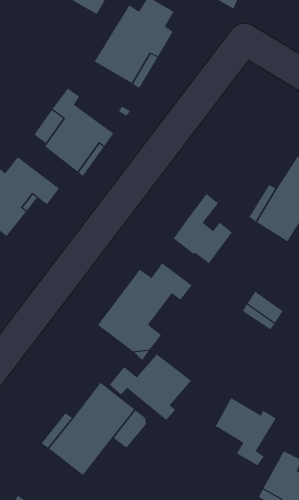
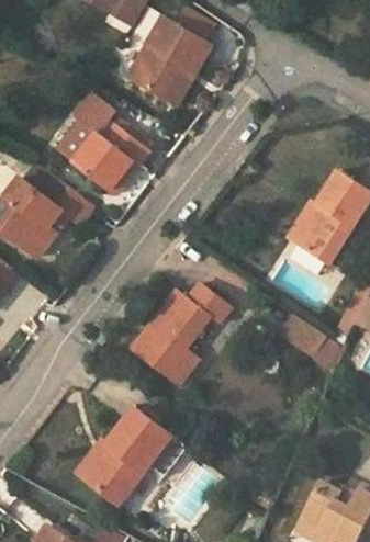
building: [173,193,233,264] -> none
building: [109,353,192,421] -> none
building: [215,397,277,466] -> none

